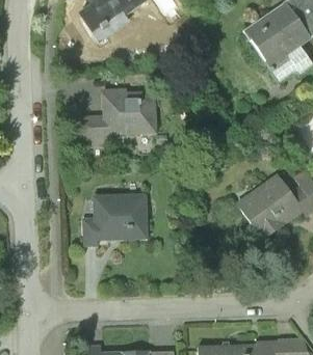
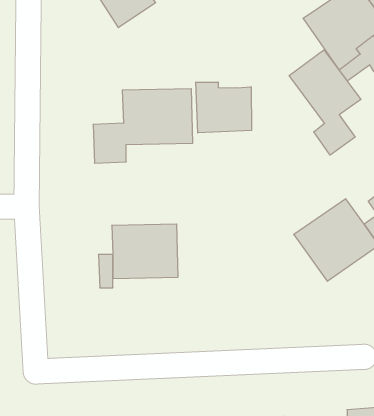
building: none -> [289,50,361,155]
building: none -> [196,82,252,133]

